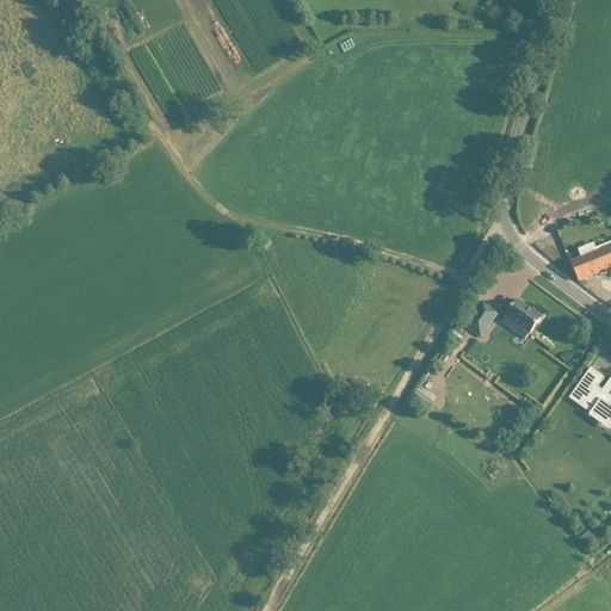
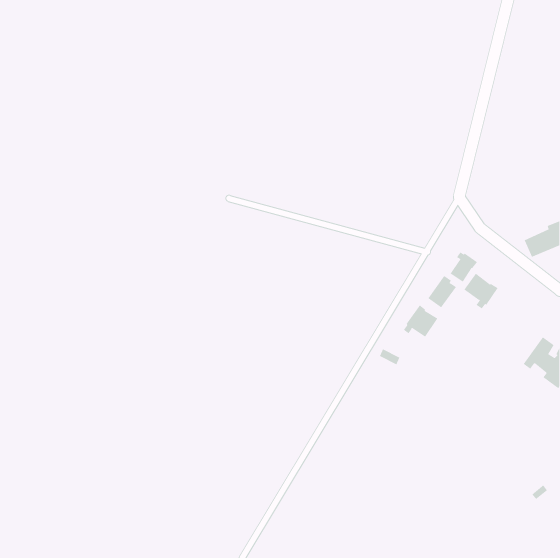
building: none -> [450,252,478,282]
building: none -> [403,304,438,338]

